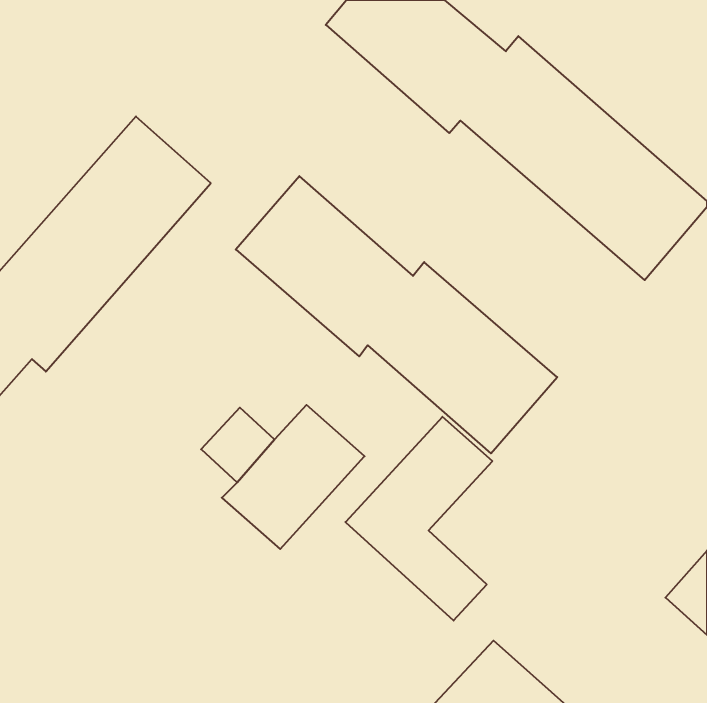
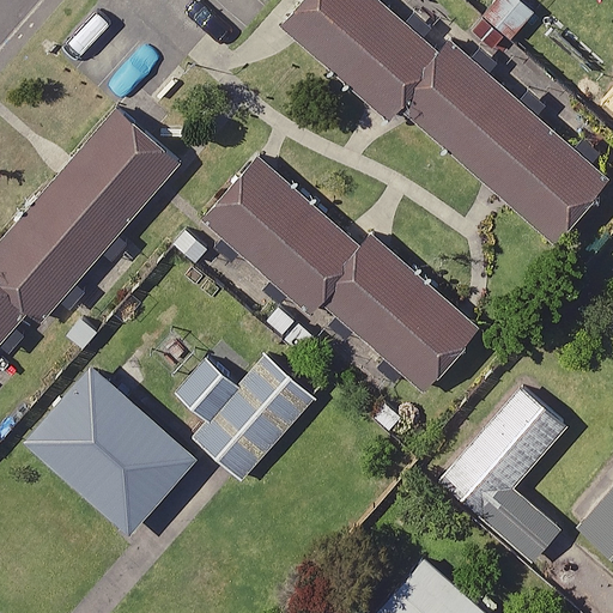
building: [345,417,492,621] -> [439,386,566,562]
building: none -> [24,366,195,534]

